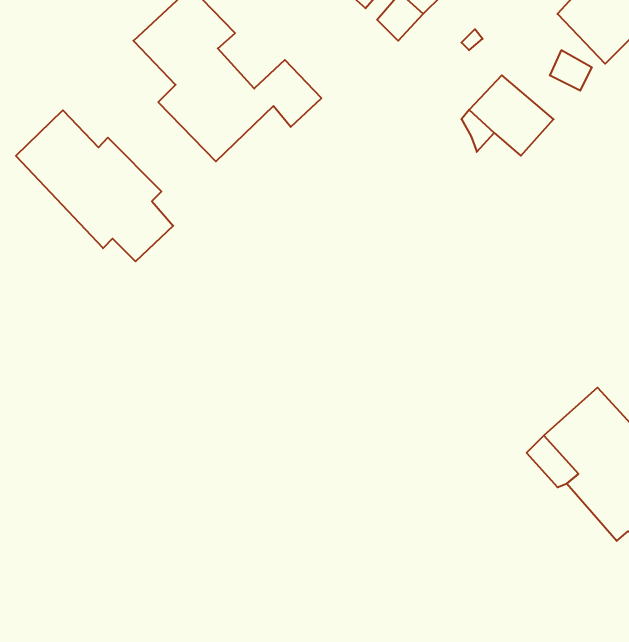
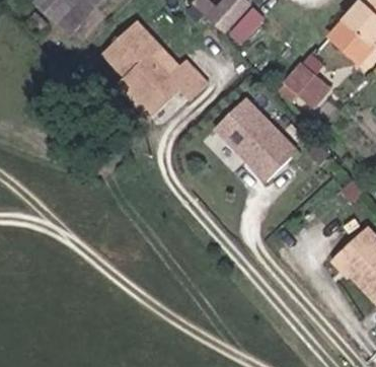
building: [16,110,173,261] -> none
building: none -> [209,92,299,182]

